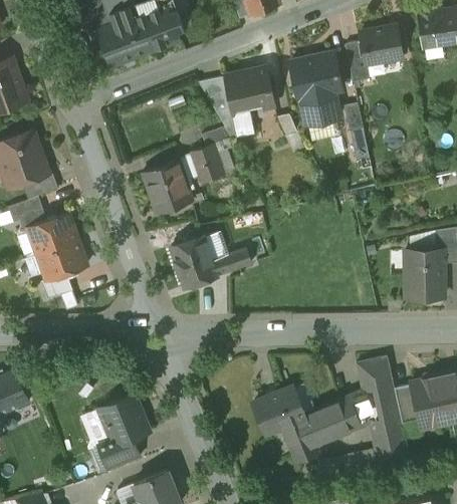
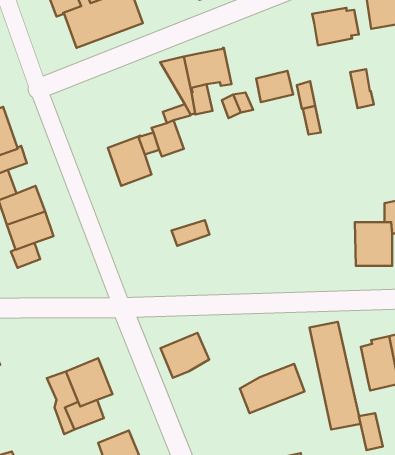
building: [345,42,370,83] -> [350,69,374,108]
building: [290,53,341,100] -> none
building: [171,237,217,288] -> none
building: [394,386,419,425] -> [359,413,383,450]
building: [253,388,304,435] -> [161,333,209,378]

